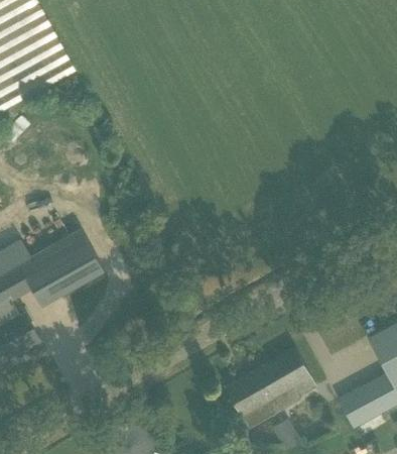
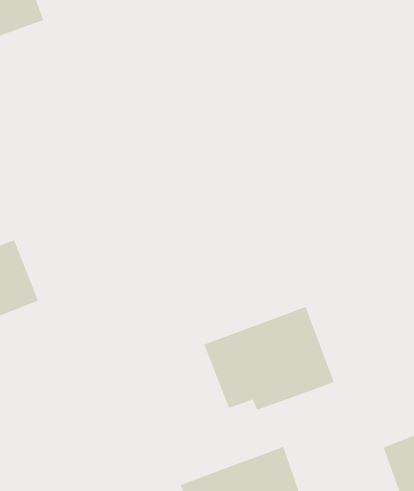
building: none -> [204,306,335,411]

